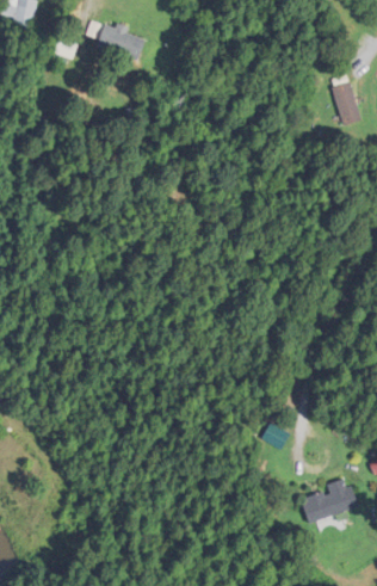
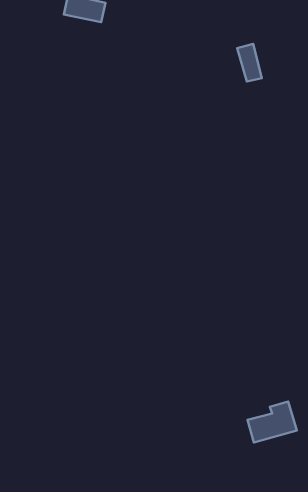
building: [333,82,360,124] -> [237,44,262,81]

